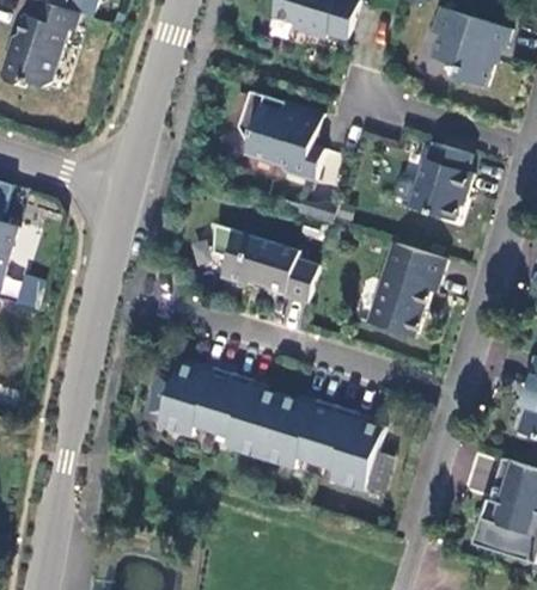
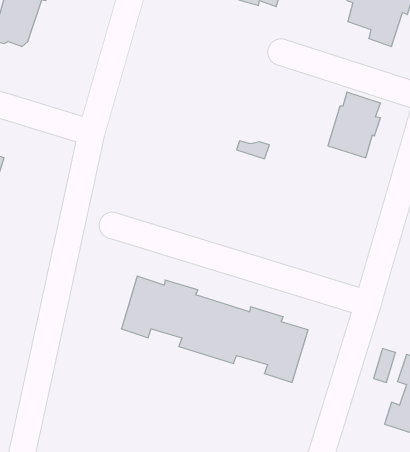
building: [238,92,323,180] -> none
building: [214,225,319,303] -> none
building: [366,242,445,337] -> none

